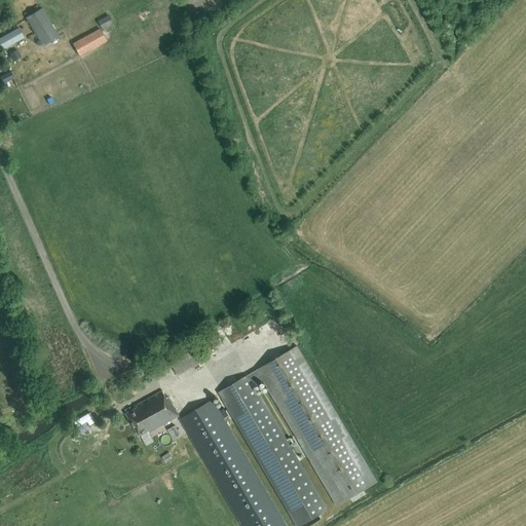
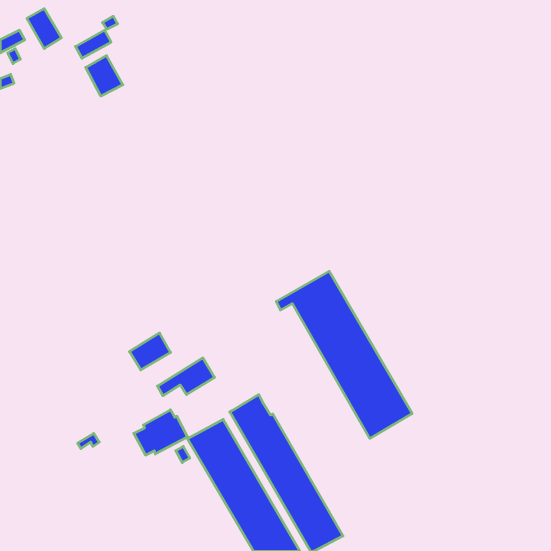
building: none -> [86,56,123,96]
building: none -> [129,333,171,370]
building: [247,347,376,506] -> [276,271,412,438]

